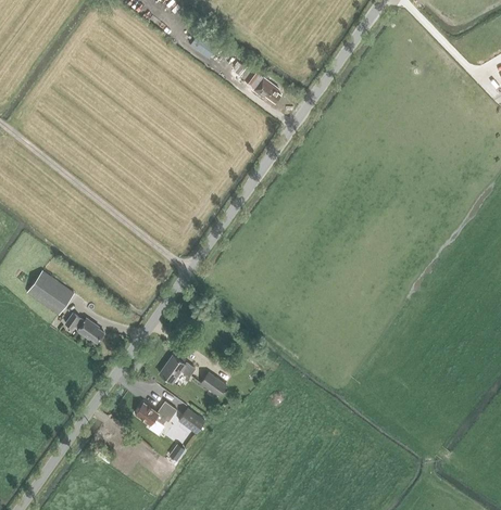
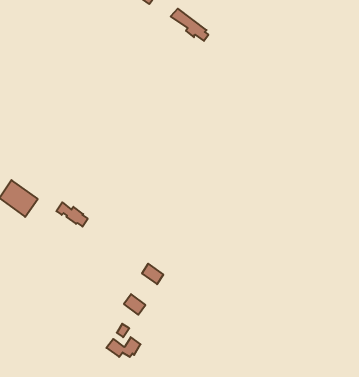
building: [65,313,103,342] -> [56,202,88,227]
building: [159,355,196,383] -> none
building: [135,400,176,424] -> [106,337,141,357]

